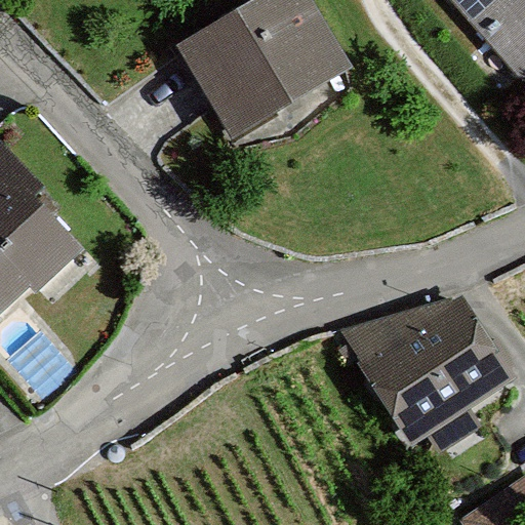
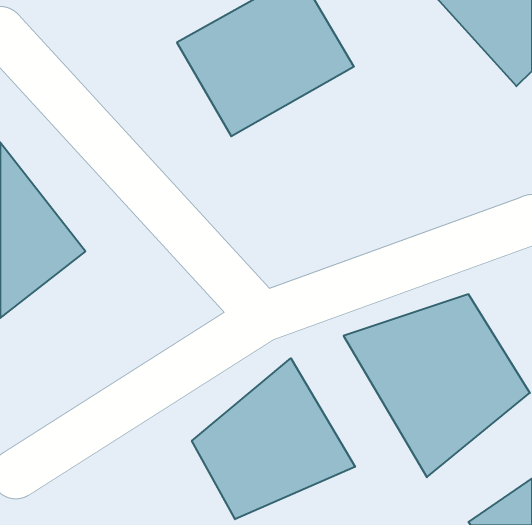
building: none -> [192,358,355,519]

